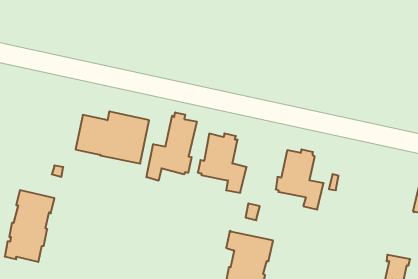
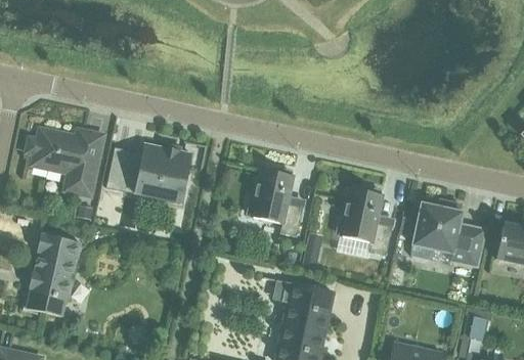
building: none -> [28,129,103,196]
building: [146,112,197,181] -> none
building: none -> [409,199,485,267]

